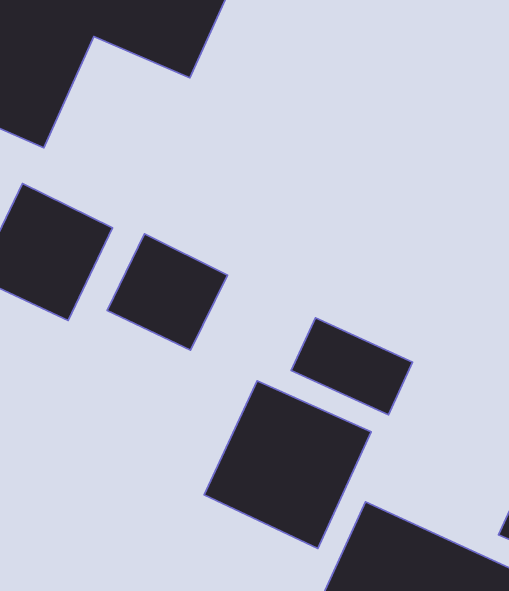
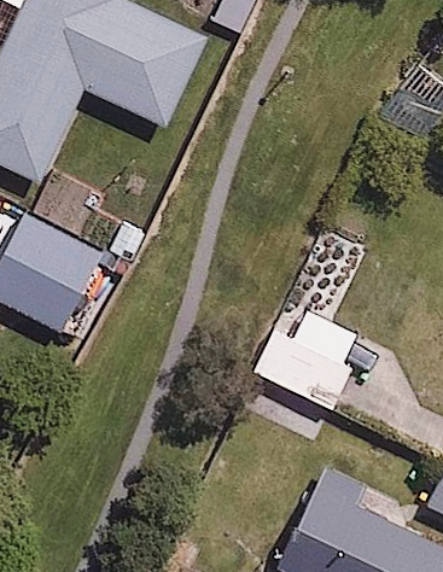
building: [107,234,227,350] -> none
building: [204,381,371,548] -> none

